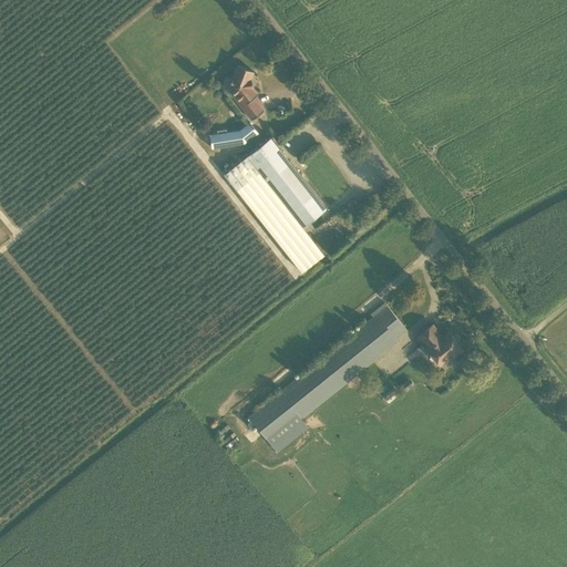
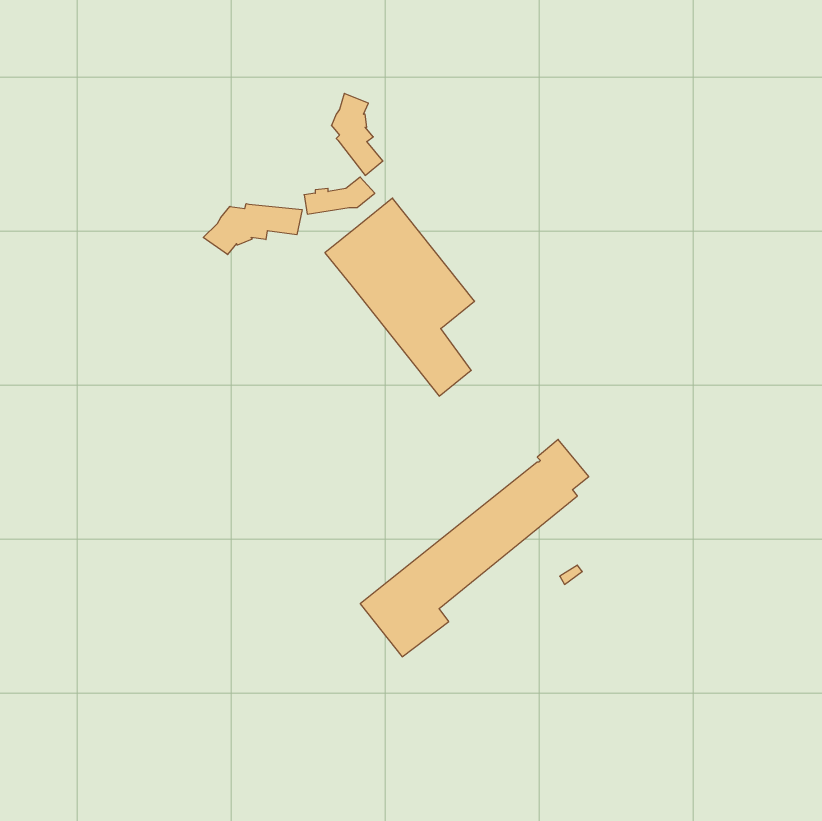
building: none -> [203,204,302,255]
building: [420,326,463,364] -> none

